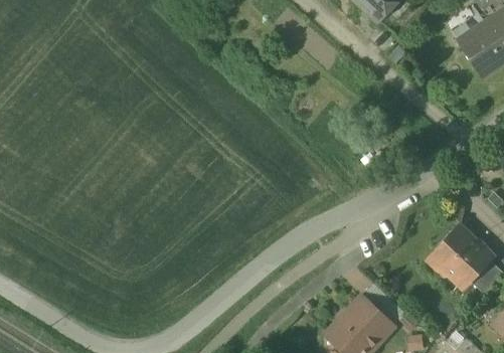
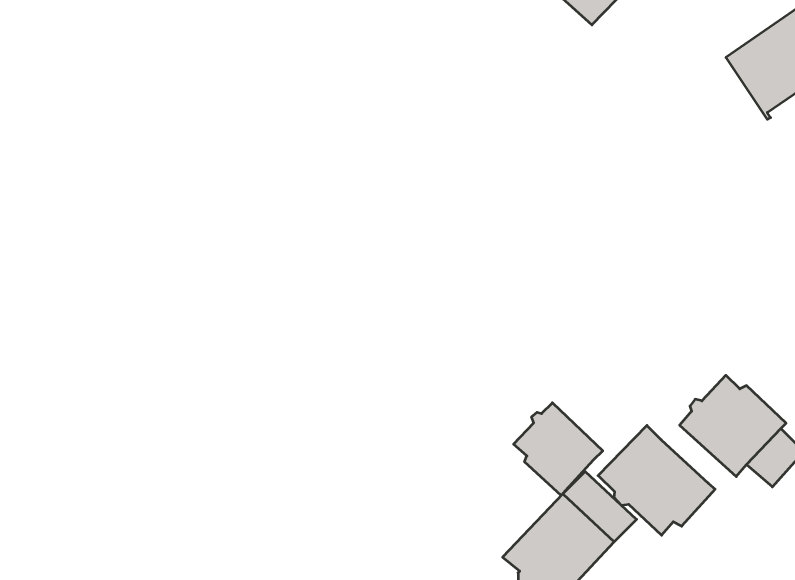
building: none -> [514,403,603,495]
building: none -> [598,425,715,535]

